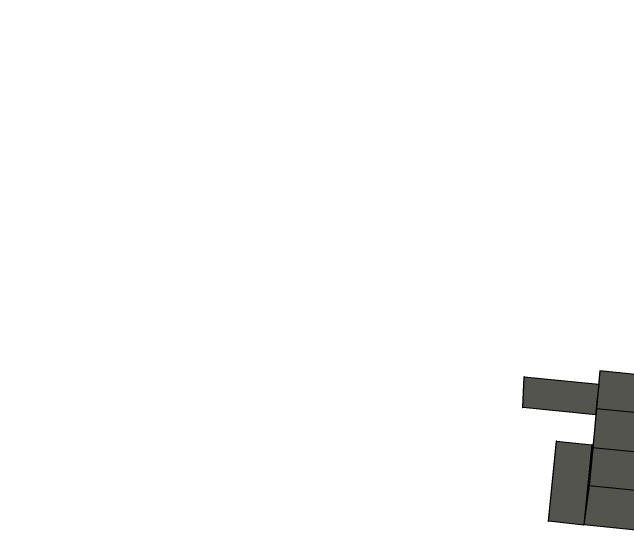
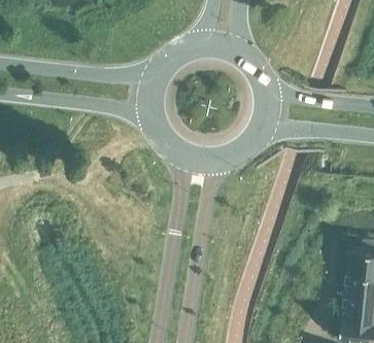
building: [523,377,599,415] -> none
building: [548,441,592,525] -> none

